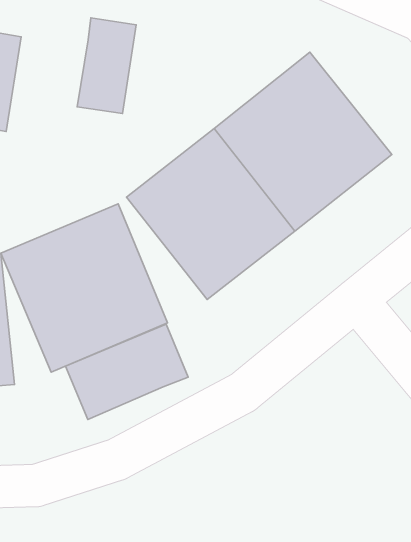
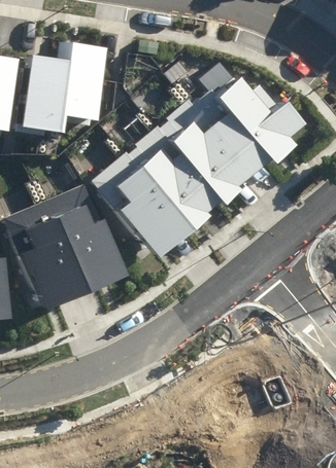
building: none -> [21,56,68,130]
building: [66,324,188,419] -> none

